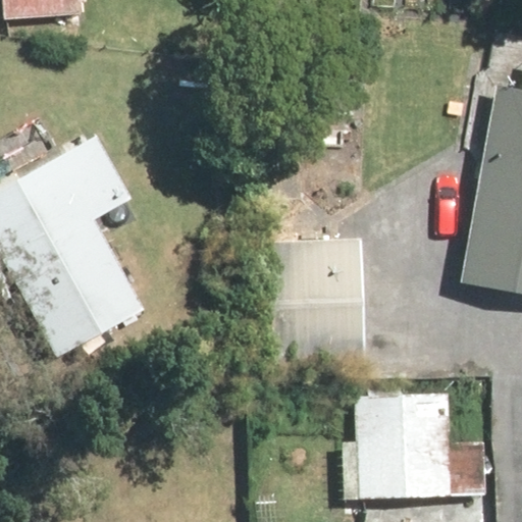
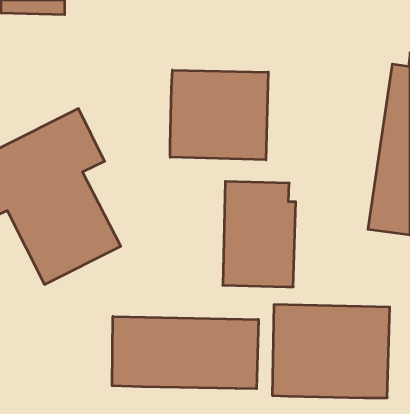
building: none -> [170,70,268,160]
building: none -> [112,316,258,389]

